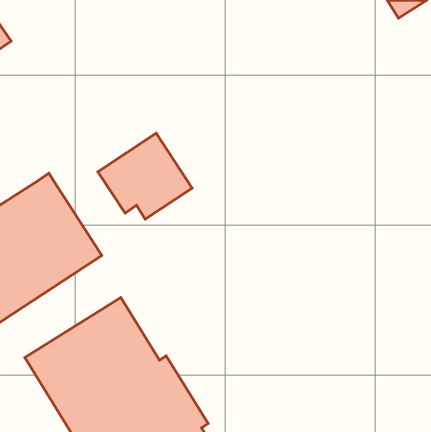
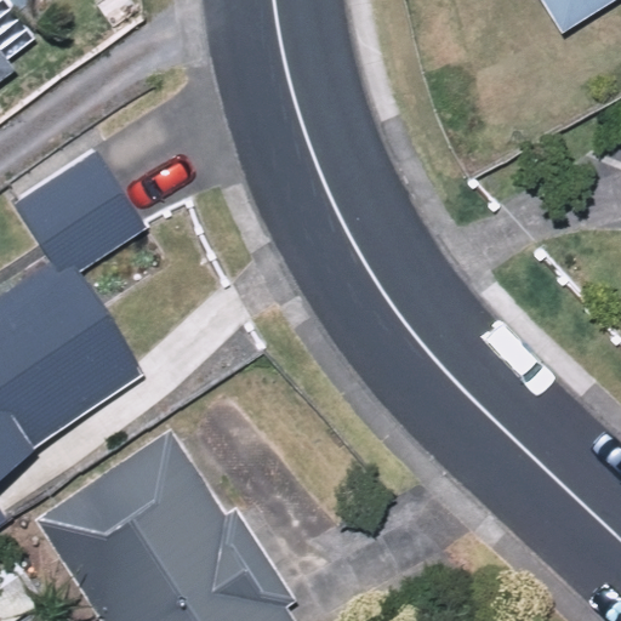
building: [98,133,192,219] -> [15,152,148,273]

